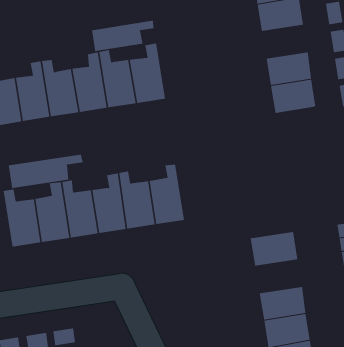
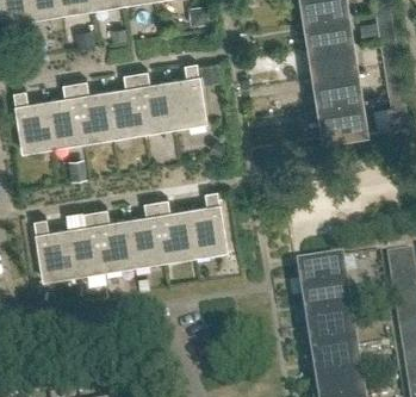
building: [91,20,154,52] -> none
building: none -> [309,44,359,80]
building: [8,154,83,189] -> none
building: none -> [302,293,353,329]

